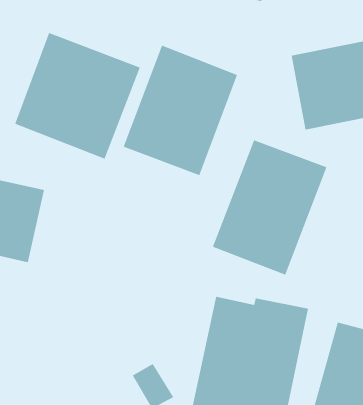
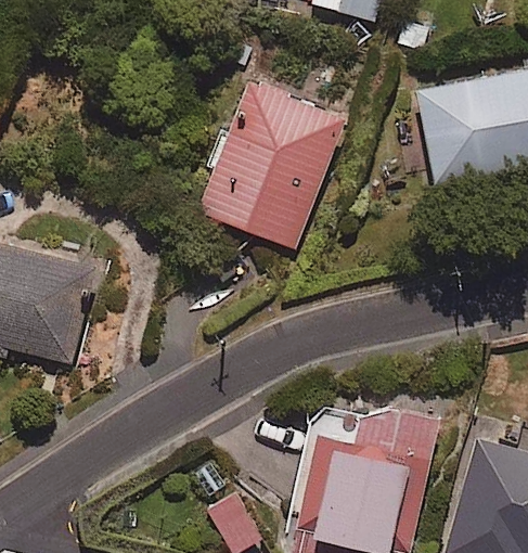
building: [14,32,140,159] -> none
building: [212,139,327,276] -> none

